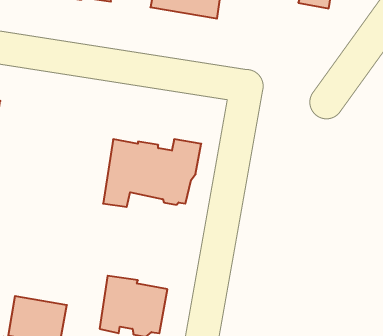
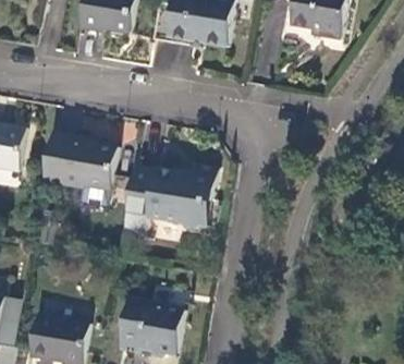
building: none -> [41,134,117,191]

